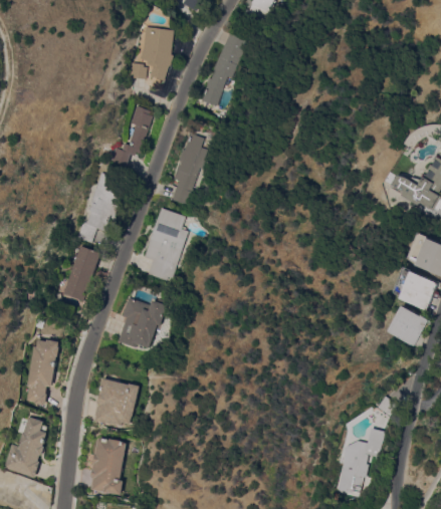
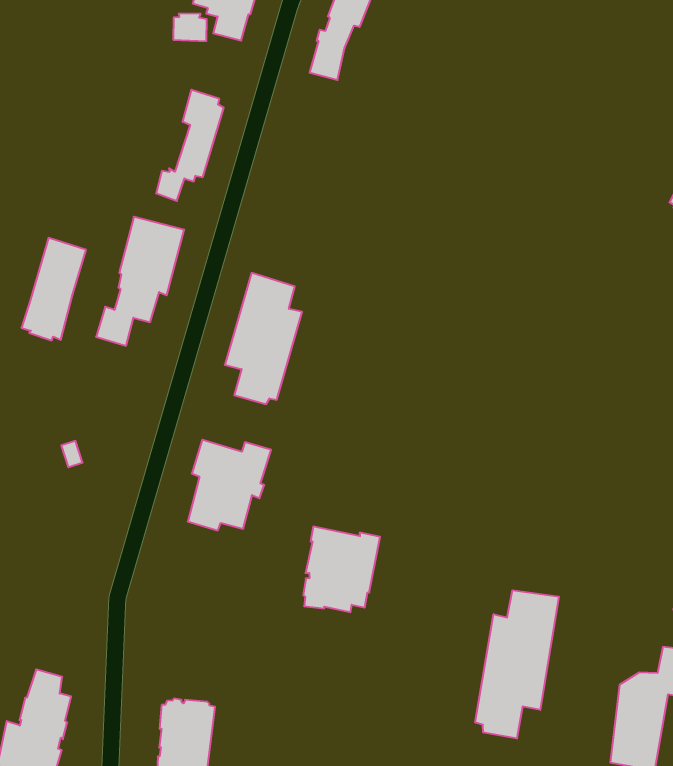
building: [171,133,207,206] -> none
building: [62,245,100,301] -> [21,238,86,340]
building: [26,339,60,406] -> none
building: [94,377,139,426] -> [303,527,380,612]
building: none -> [475,590,559,739]

